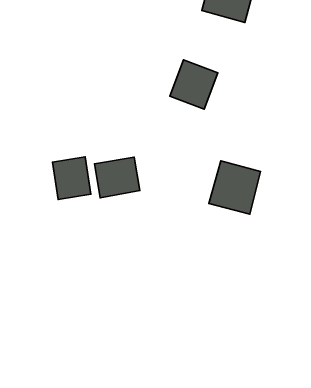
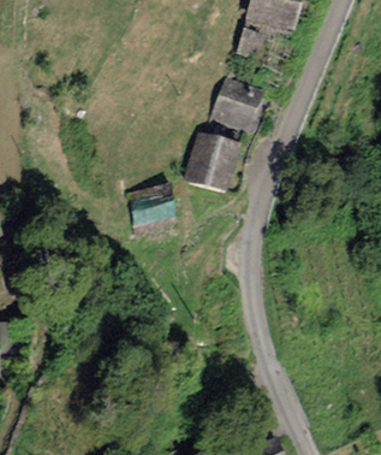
building: [52,157,91,199] -> none
building: [209,161,260,214] -> [184,132,242,193]

